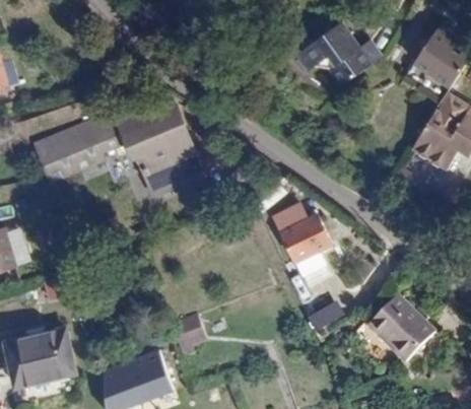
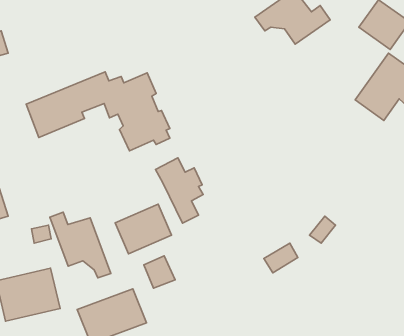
building: [273,204,327,278] -> [156,158,203,223]
building: none -> [115,204,172,254]
building: none -> [50,212,111,278]
building: [367,295,435,363] -> none

